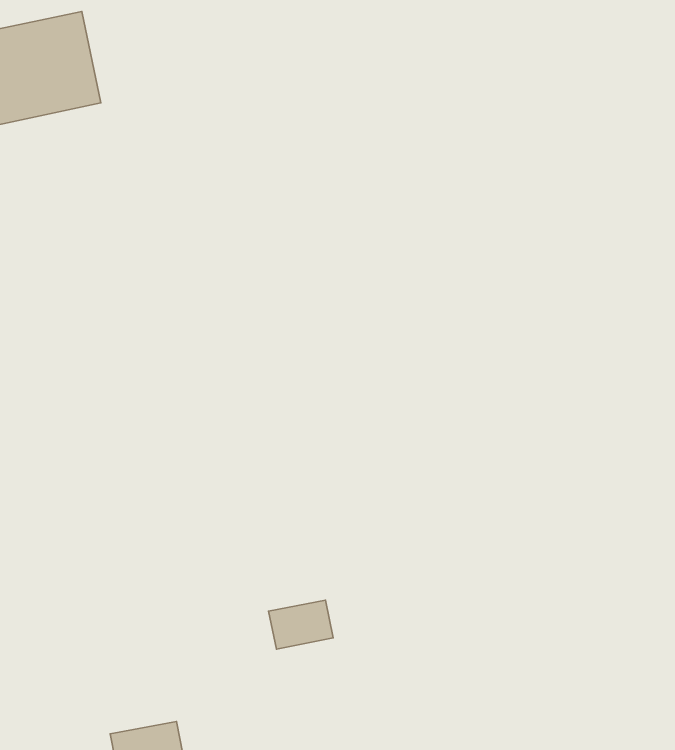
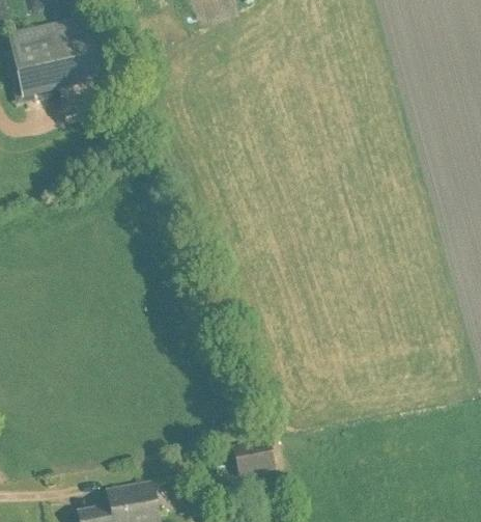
building: [269,600,333,649] -> [231,444,274,476]

